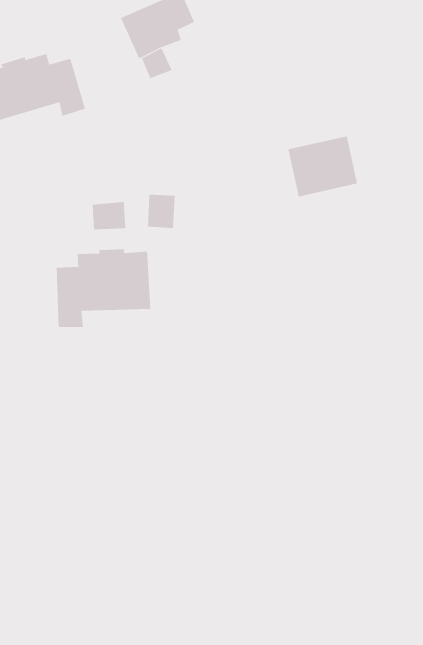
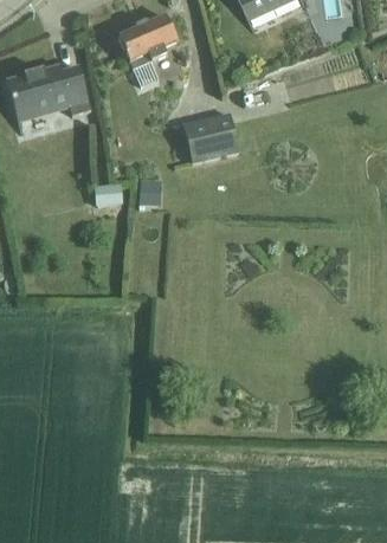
building: [288,136,358,197] -> [182,114,238,162]
building: [56,249,151,328] -> none

